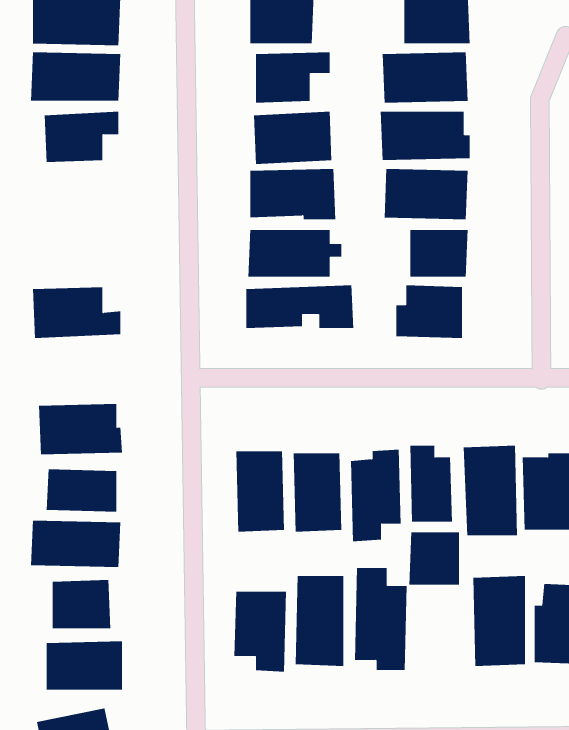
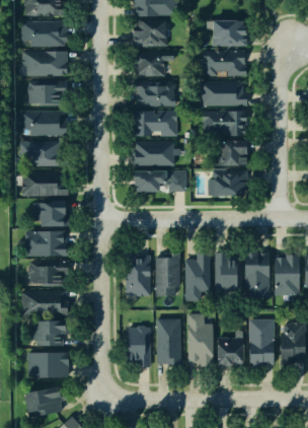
building: none -> [21,110,67,136]
building: none -> [19,140,58,166]
building: none -> [38,201,67,226]
building: [409,532,460,585] -> [216,338,242,365]

